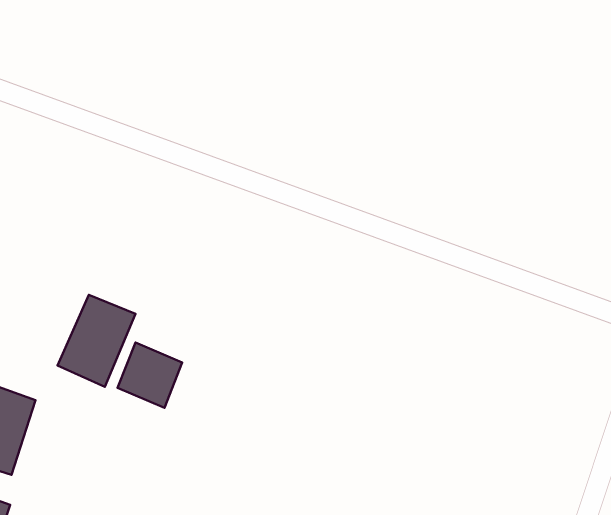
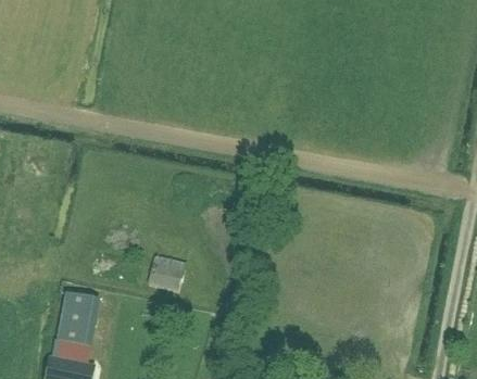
building: [58,295,136,387] -> none

